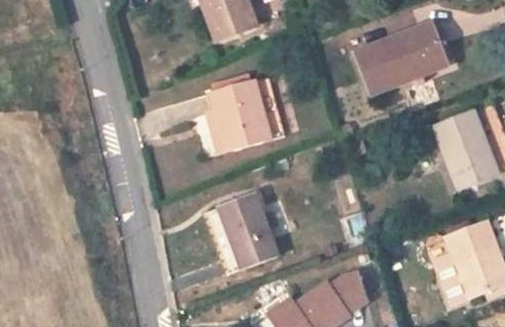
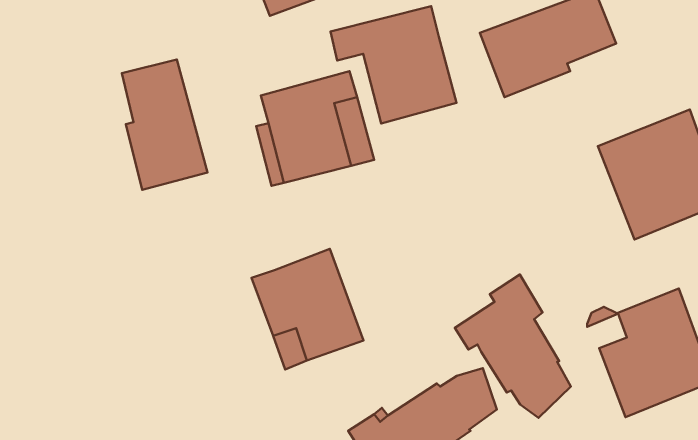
building: none -> [330,6,456,124]
building: none -> [122,60,207,190]
building: none -> [455,274,571,418]

